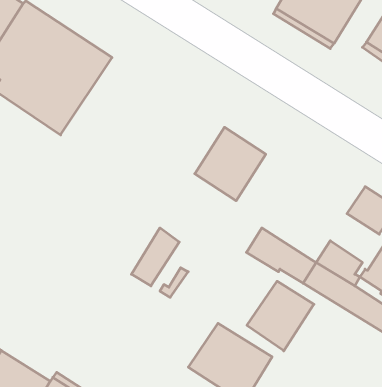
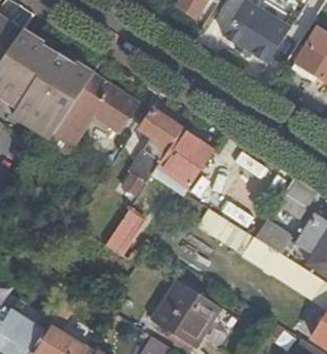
building: none -> [50,73,140,150]
building: none -> [125,110,182,195]
building: [247,281,314,351] -> none

